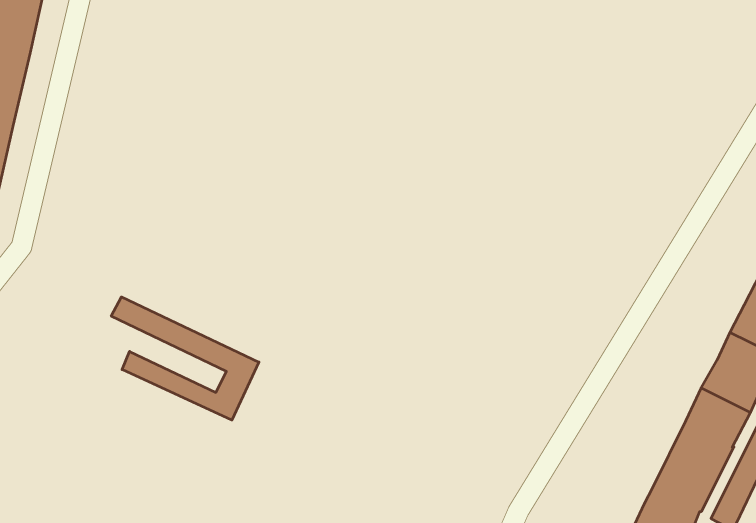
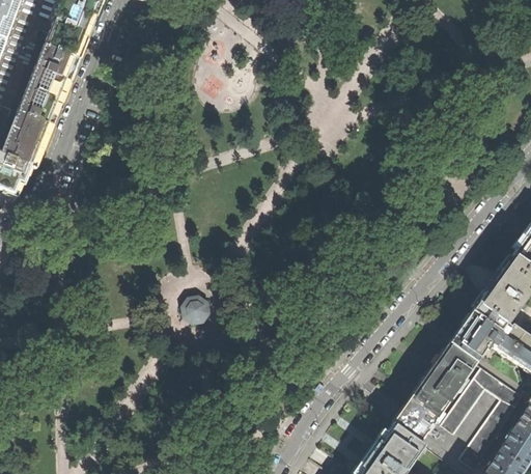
building: [111,297,259,420] -> none
building: none -> [181,298,209,326]

